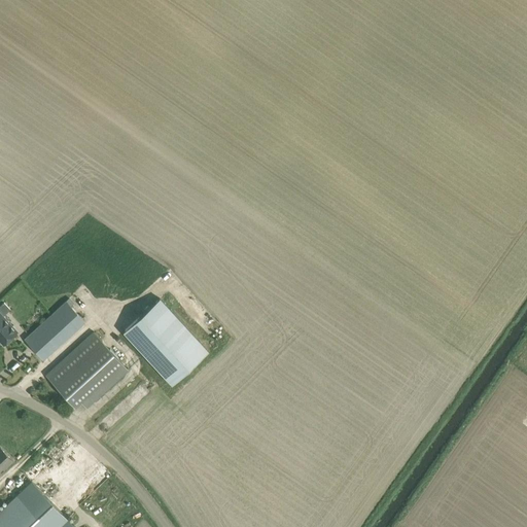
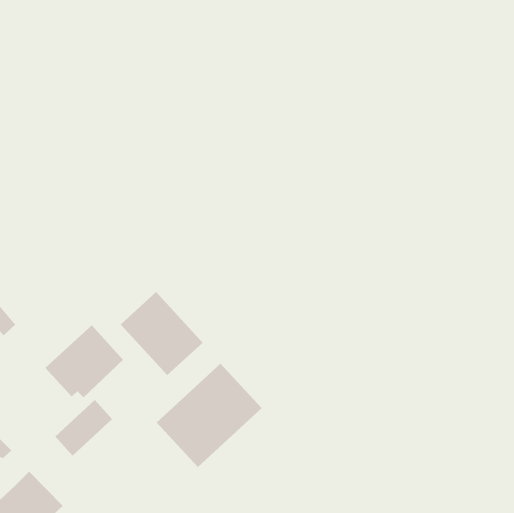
building: [24,303,83,361] -> [54,399,113,457]
building: none -> [156,363,263,468]

